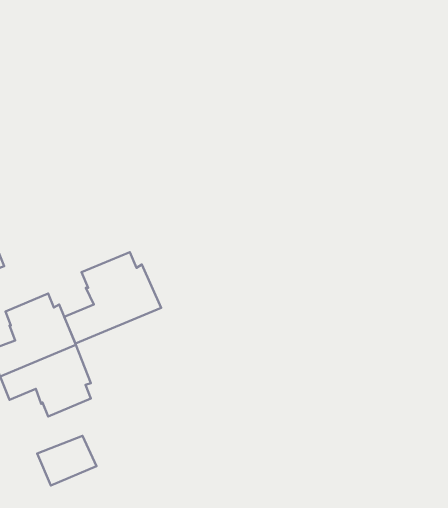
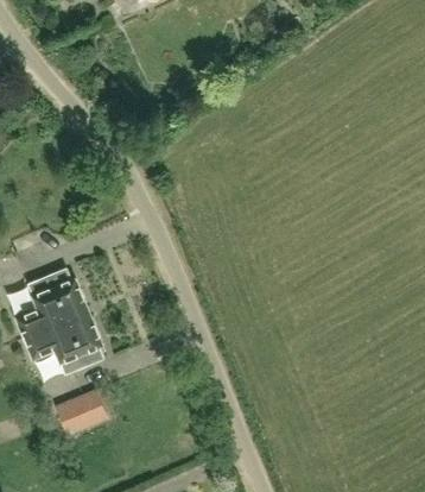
building: [64,252,161,344] -> none

